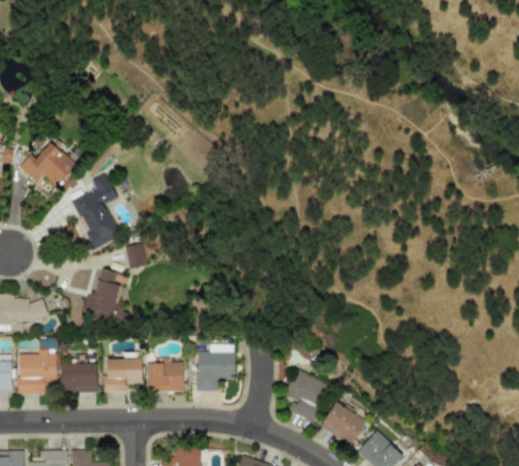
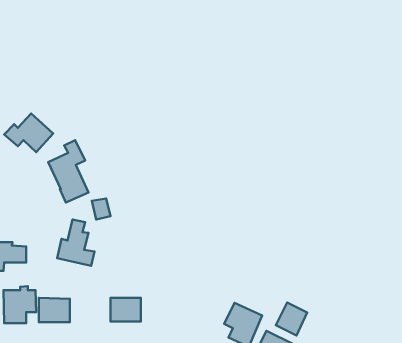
building: [197,343,235,390] -> none
building: [105,359,143,392] -> none
building: none -> [276,303,307,336]

